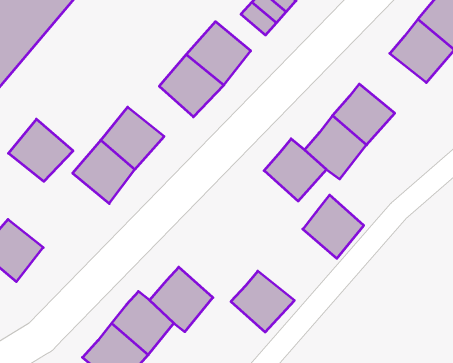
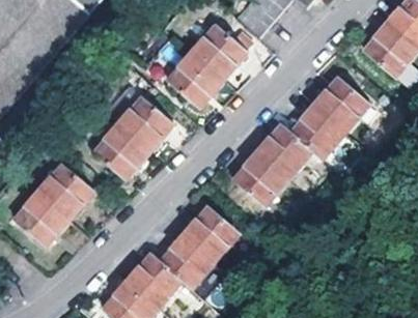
building: [8,119,73,181] -> [38,164,93,216]
building: [303,195,364,258] -> [233,151,285,205]
building: [231,271,294,332] -> [184,207,238,259]

